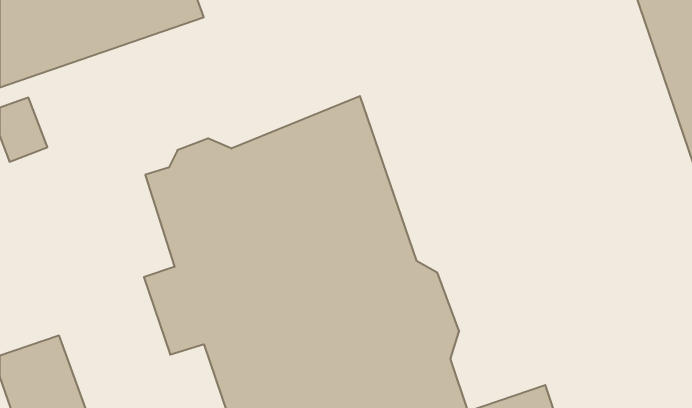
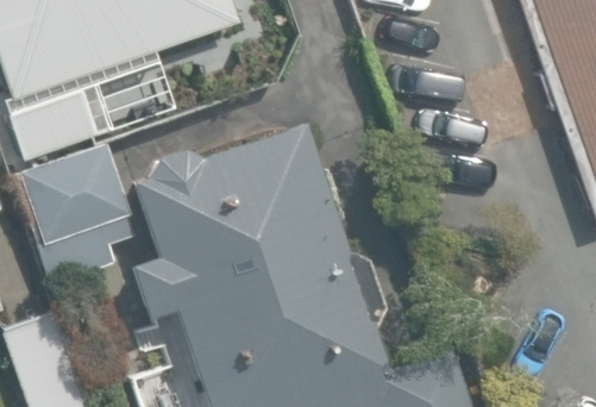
building: none -> [19,149,137,288]

